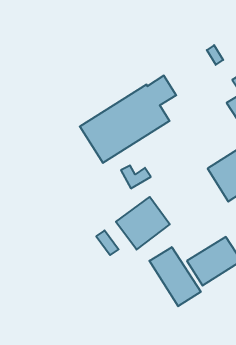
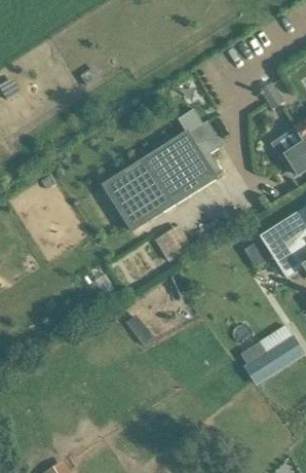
building: [116,197,170,250] -> none
building: [149,247,201,306] -> none

